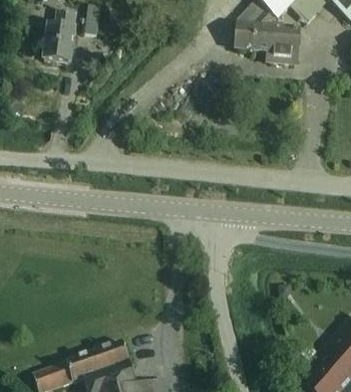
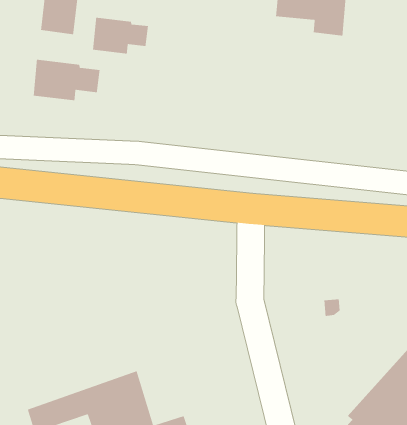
building: none -> [92,17,149,54]
building: none -> [33,59,100,101]

